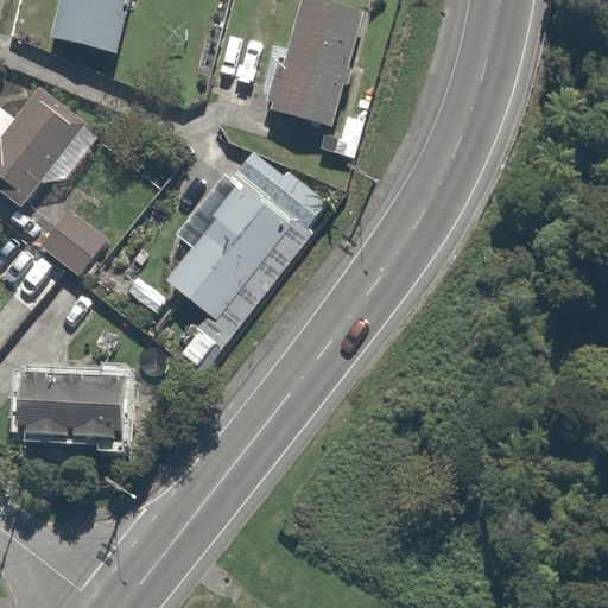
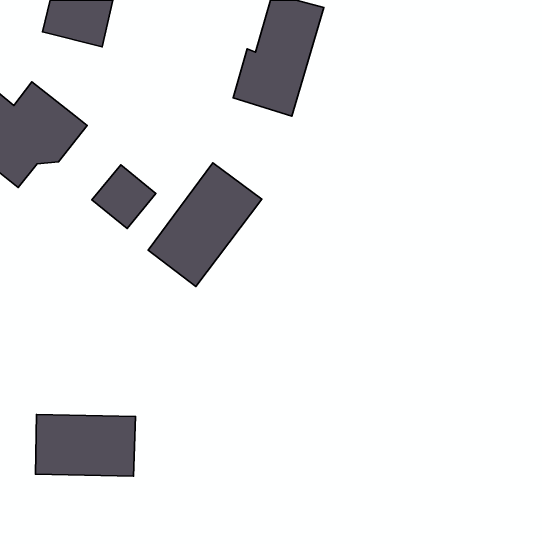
building: [230,145,330,233] -> none
building: [39,208,110,279] -> [92,165,156,229]
building: [20,372,132,441] -> [35,414,135,476]

